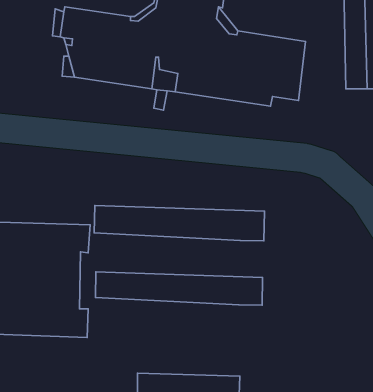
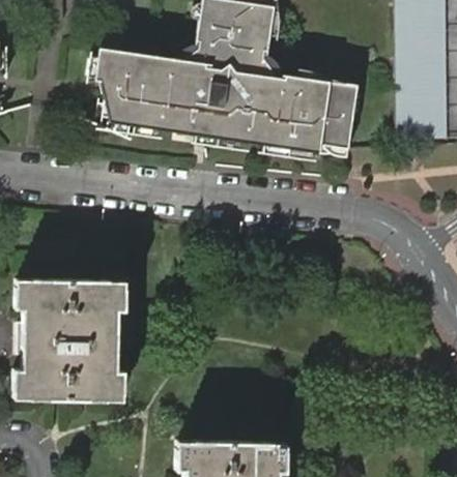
building: [94,206,264,241] -> none
building: [95,272,263,305] -> none

